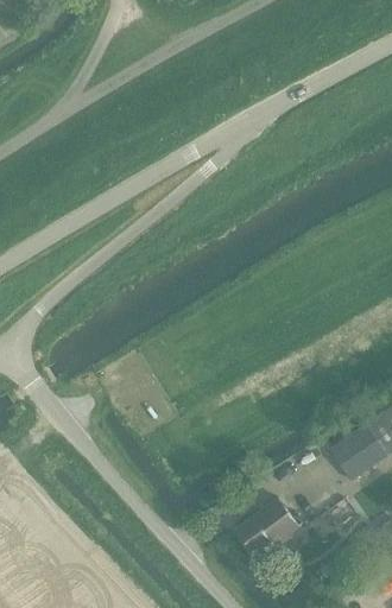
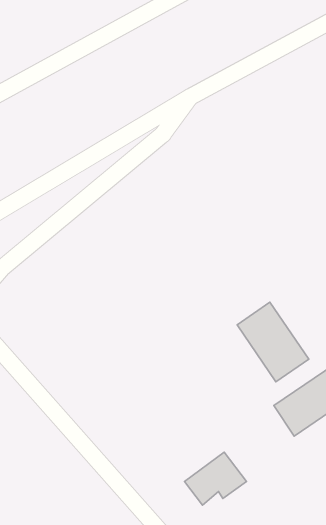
building: none -> [237,302,309,382]

